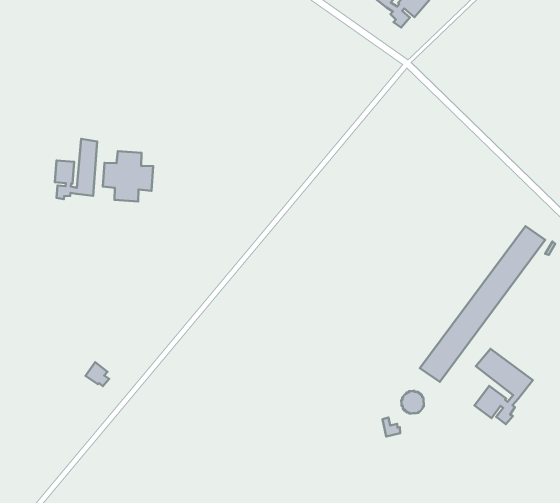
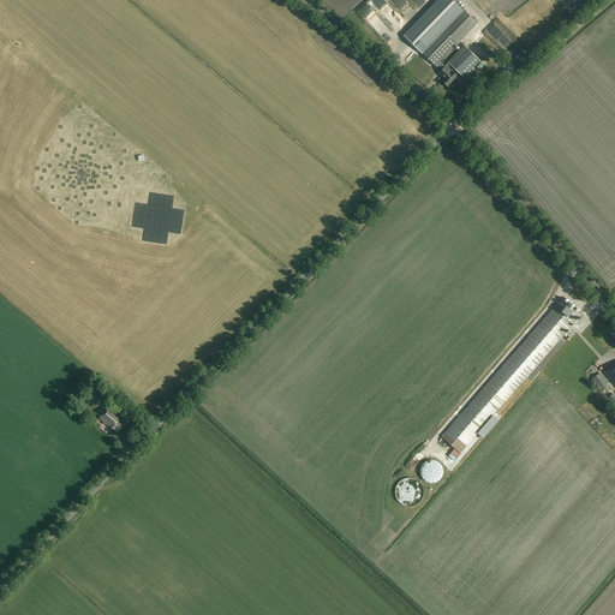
building: [55,139,97,199] -> none
building: [475,349,533,424] -> none

